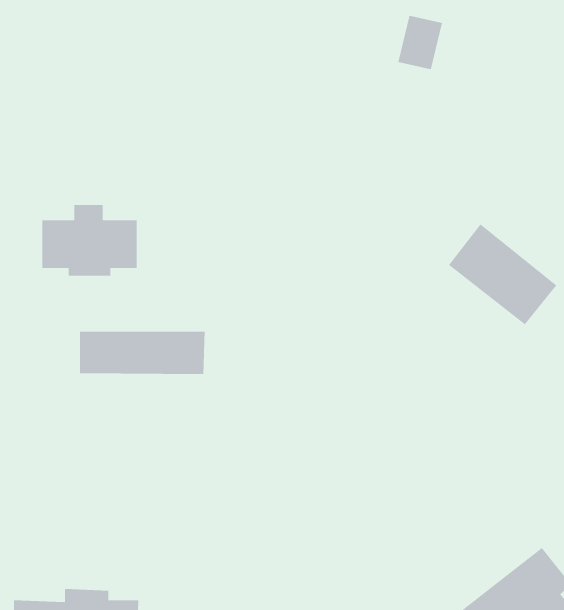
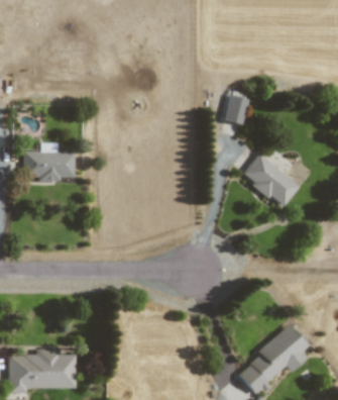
building: [398,15,443,70] -> [224,95,248,124]
building: [79,331,205,375] -> none

